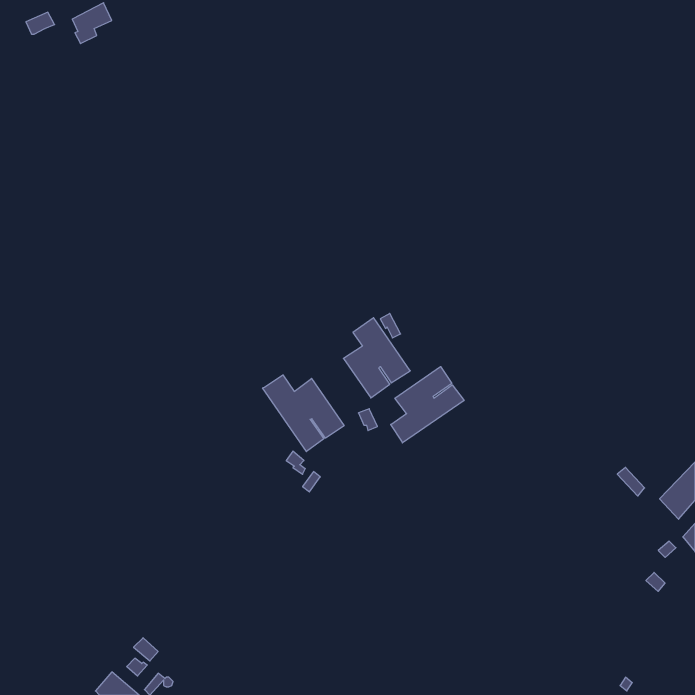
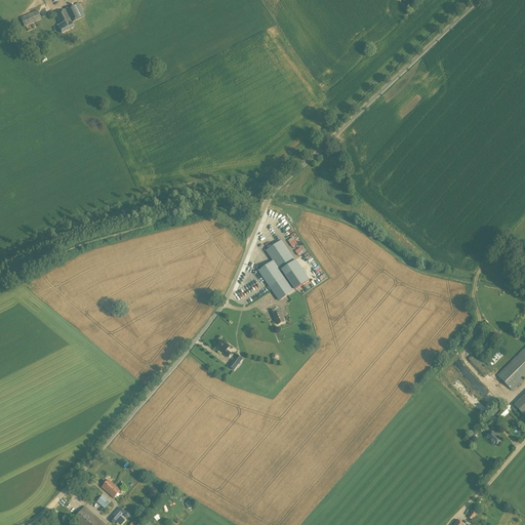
building: [391,367,464,443] -> none
building: [263,375,344,452] -> none

